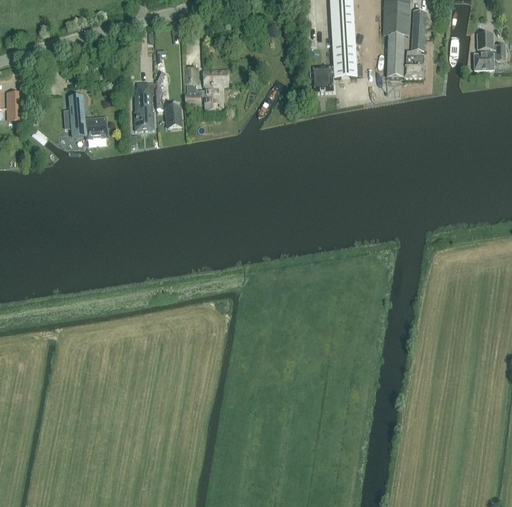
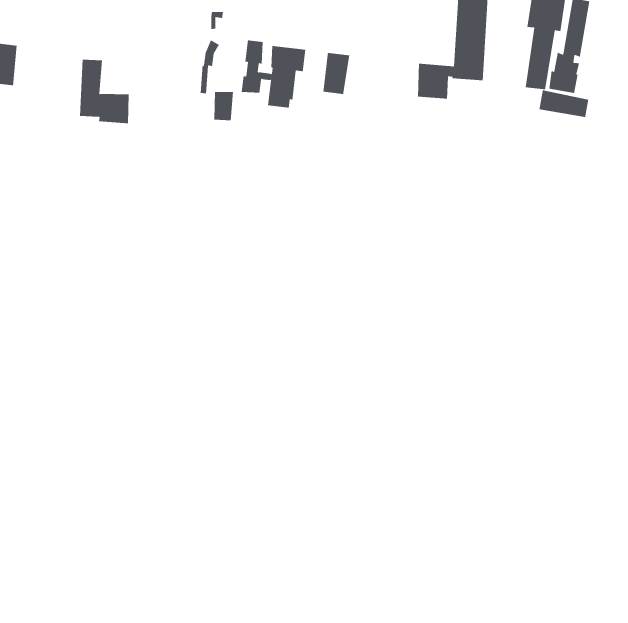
building: none -> [323,52,350,95]
building: none -> [539,90,589,118]
building: [133,81,153,129] -> none

